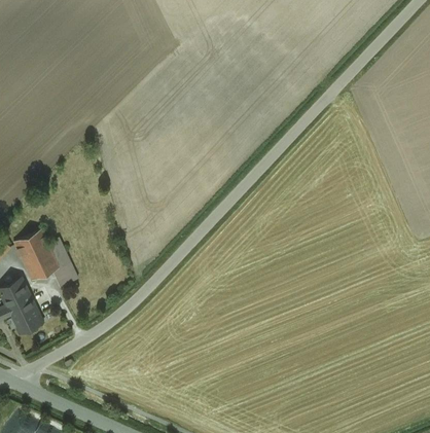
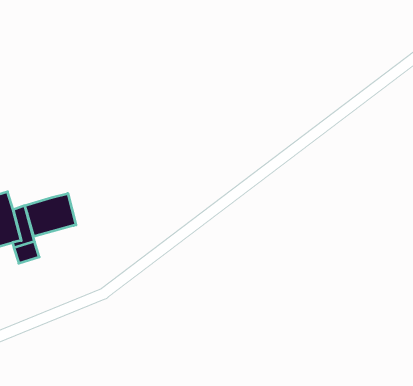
building: none -> [25,193,76,236]

